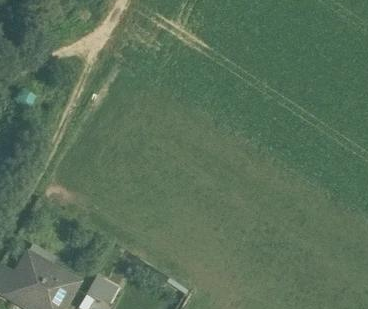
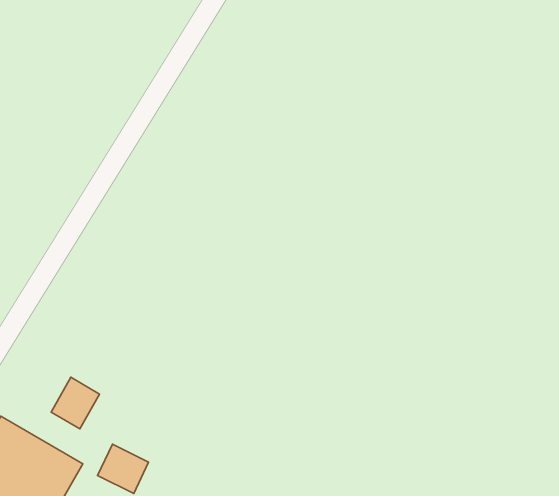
building: none -> [51,377,100,429]

